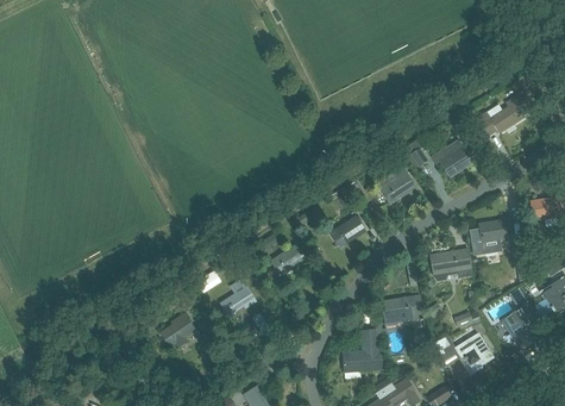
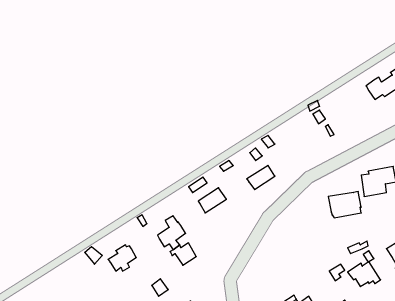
building: [437,138,475,176] -> none
building: [379,157,415,204] -> none
building: [382,295,422,325] -> none
building: [341,329,382,371] -> none

